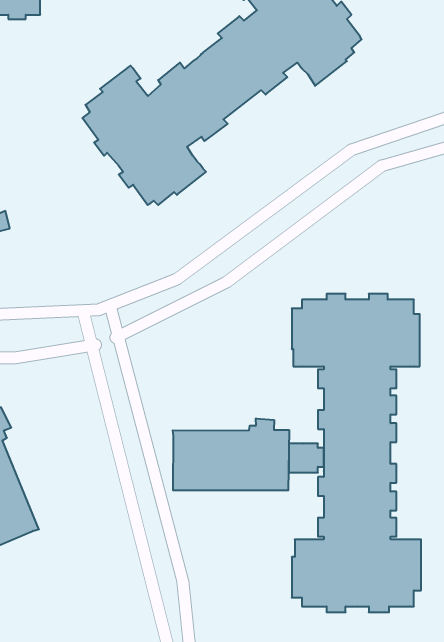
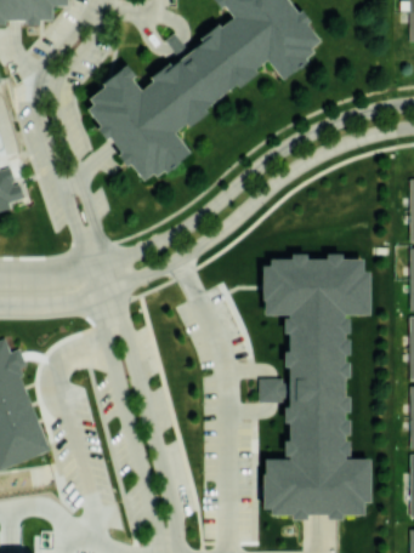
building: [173,418,289,490] -> none

